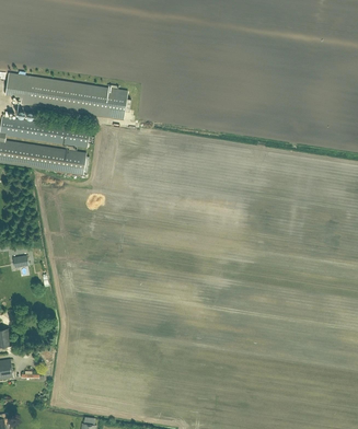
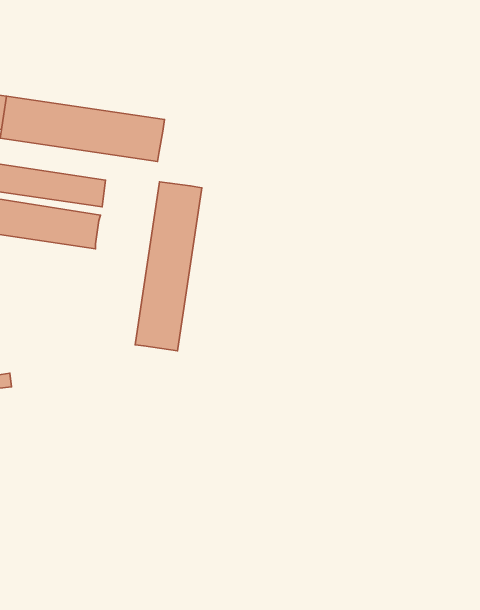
building: none -> [135,182,202,351]

